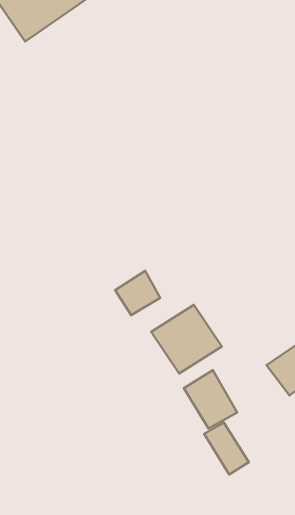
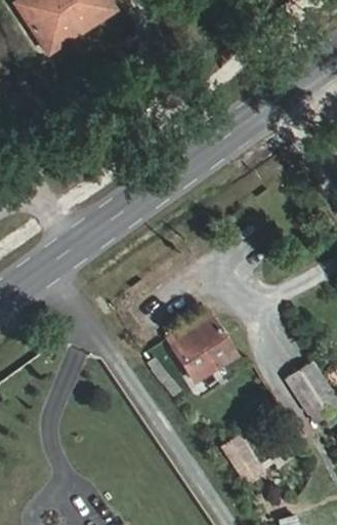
building: [115,271,160,315] -> none
building: [184,370,237,428] -> none

